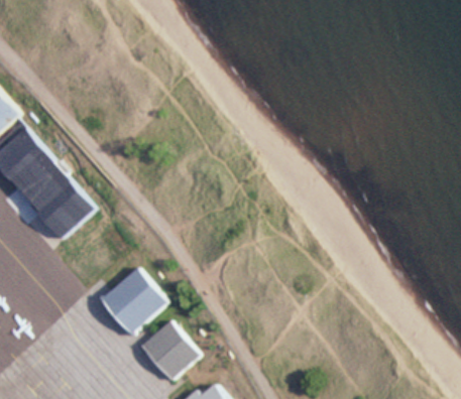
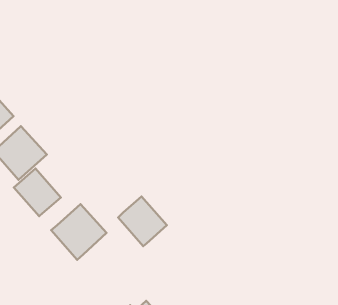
building: none -> [14,168,61,216]
building: [139,320,198,380] -> [118,197,167,246]

